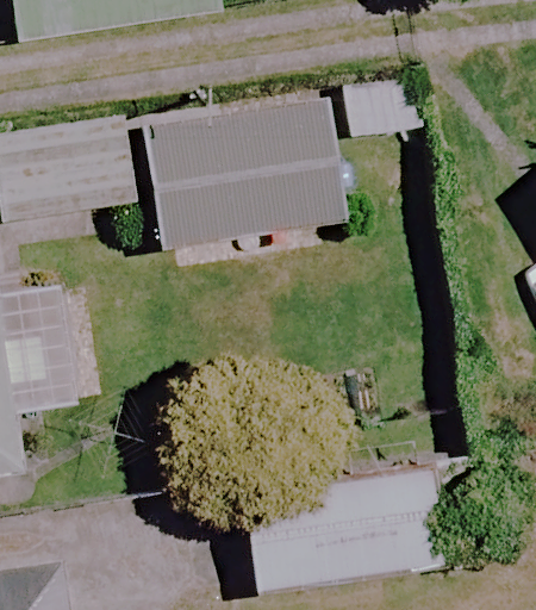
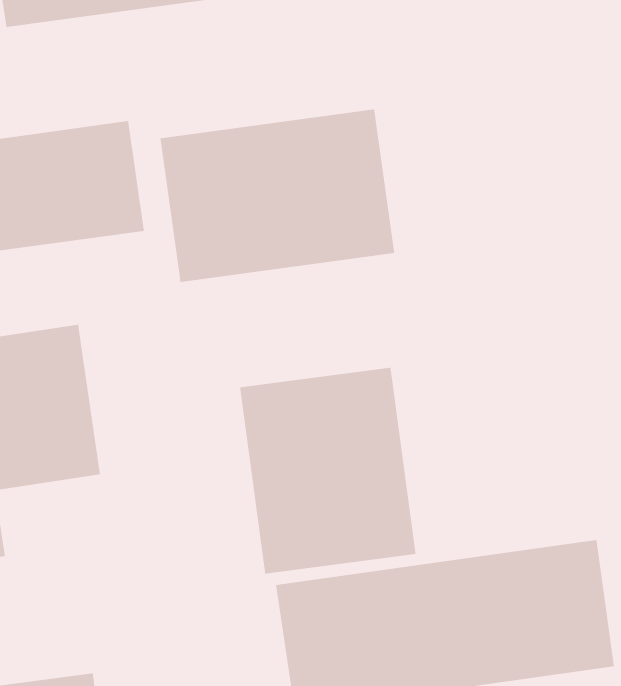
building: none -> [239,367,417,574]

